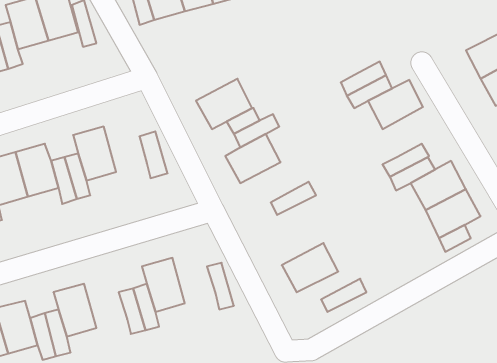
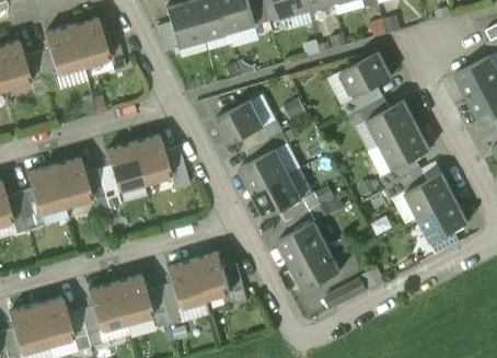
building: none -> [342,53,392,97]
building: none -> [380,126,429,171]
building: none -> [131,136,170,184]
building: none -> [253,175,302,219]
building: none -> [277,222,327,267]
building: none -> [193,253,231,301]
building: none -> [114,276,152,323]

